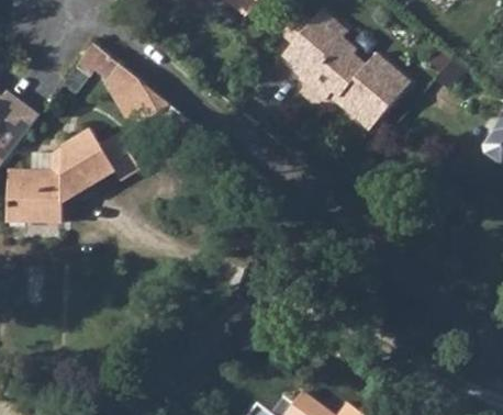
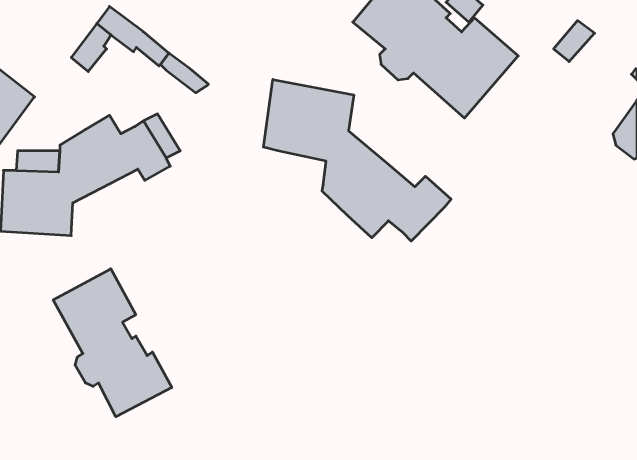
building: none -> [263,79,451,241]
building: none -> [53,269,172,417]

